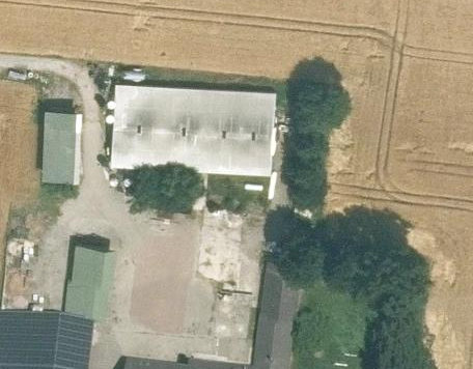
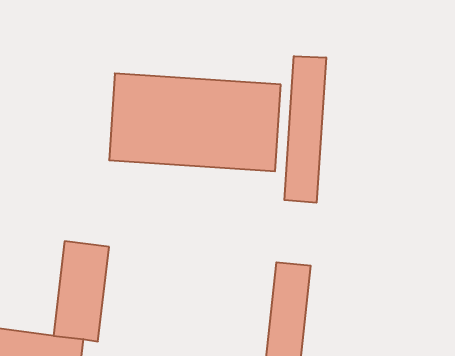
building: none -> [284,56,326,203]
building: [48,107,84,177] -> none

